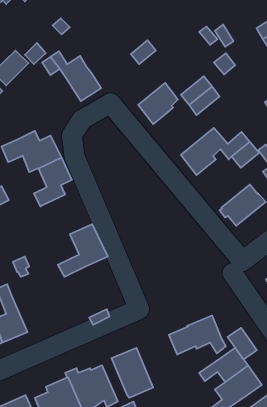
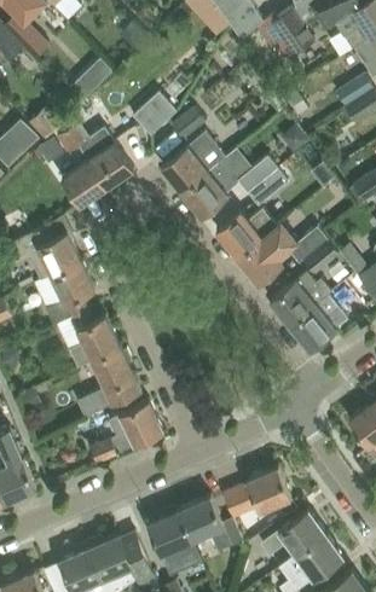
building: none -> [132,92,175,135]
building: none -> [161,132,225,192]
building: none -> [62,159,106,205]
building: none -> [215,209,276,257]
building: none -> [270,273,331,326]
building: none -> [68,309,121,368]
building: none -> [89,400,163,463]
building: [227,328,257,359] -> none
building: none -> [179,497,242,551]

